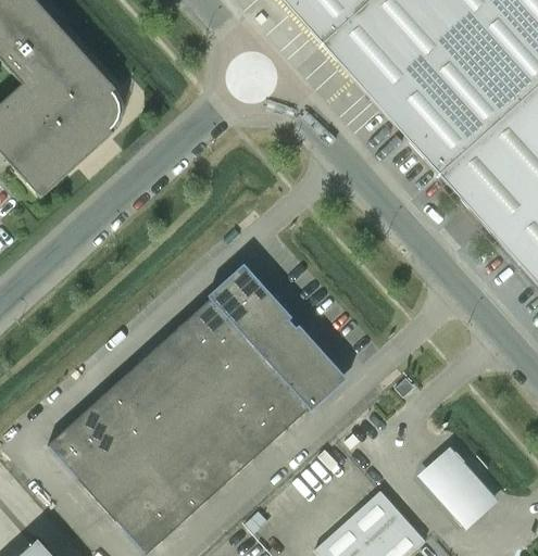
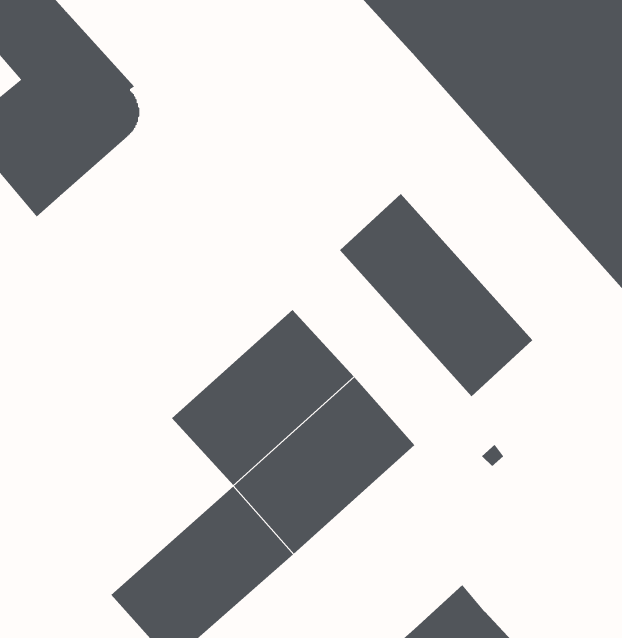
building: none -> [339,193,533,397]
building: [48,356,196,498] -> none
building: [417,442,498,526] -> none

